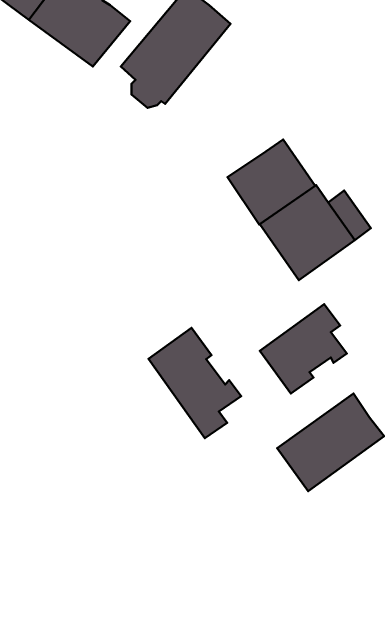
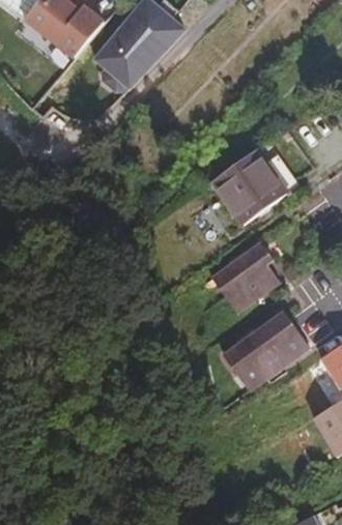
building: [228,140,315,225] -> none
building: [148,328,241,438] -> none

